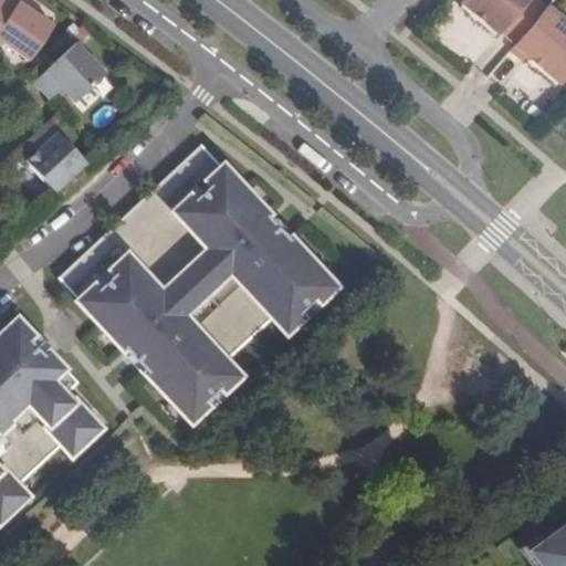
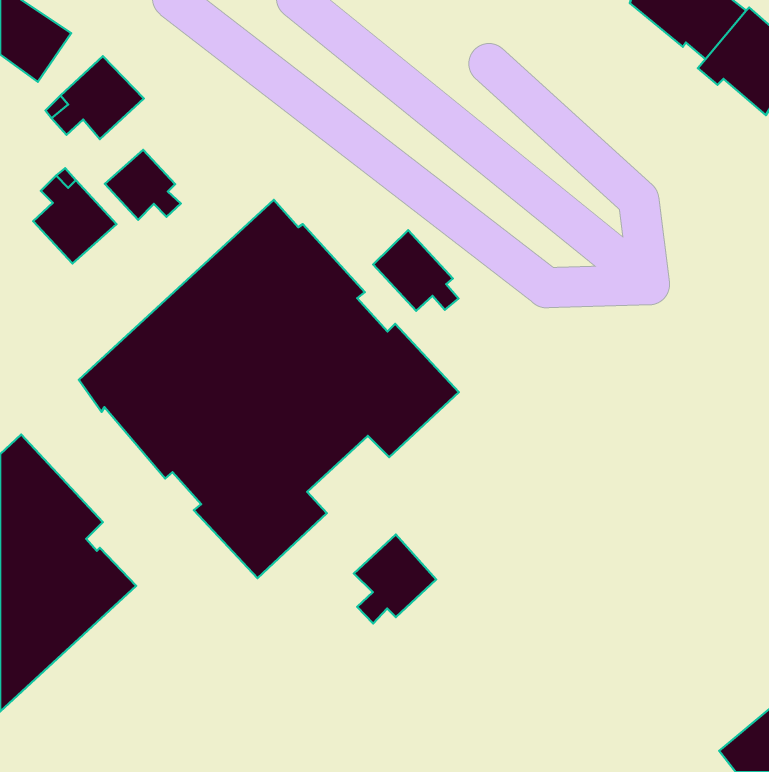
building: none -> [105,150,181,220]
building: none -> [373,230,458,311]
building: none -> [354,535,436,624]

